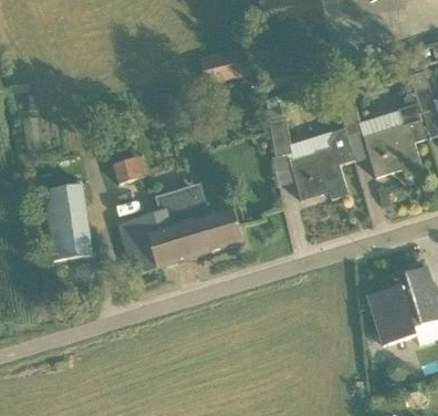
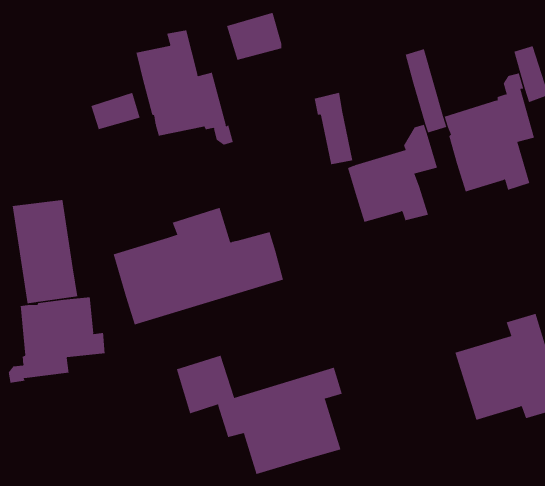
building: none -> [136,30,234,146]
building: [112,154,148,181] -> [91,92,141,130]
building: none -> [8,297,105,383]
building: none -> [176,355,343,475]

